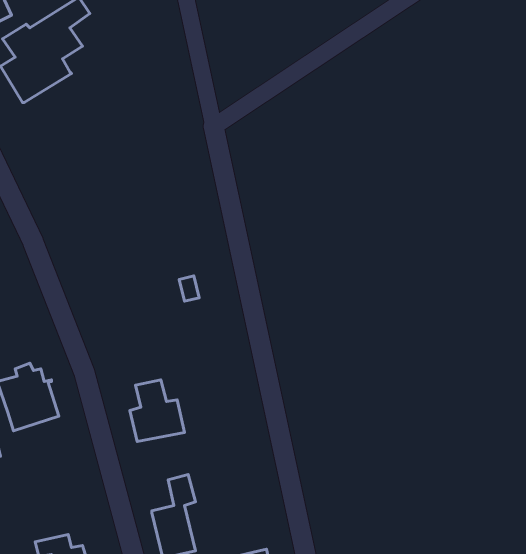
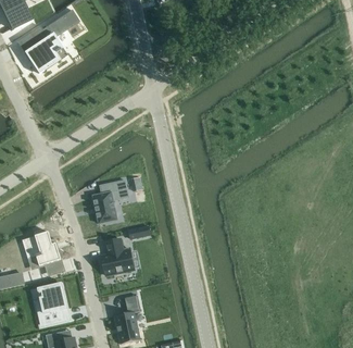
building: none -> [92,181,127,225]
building: none -> [40,284,66,324]

